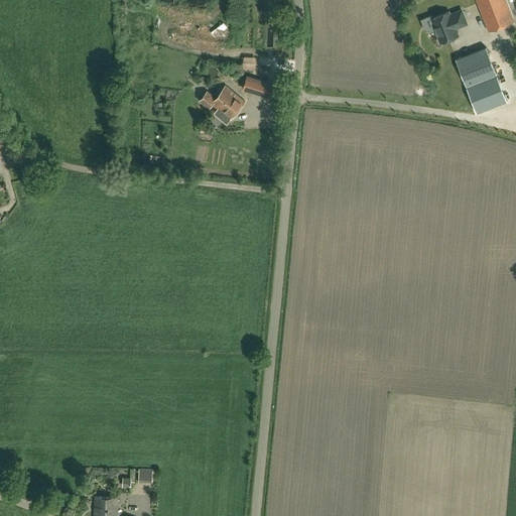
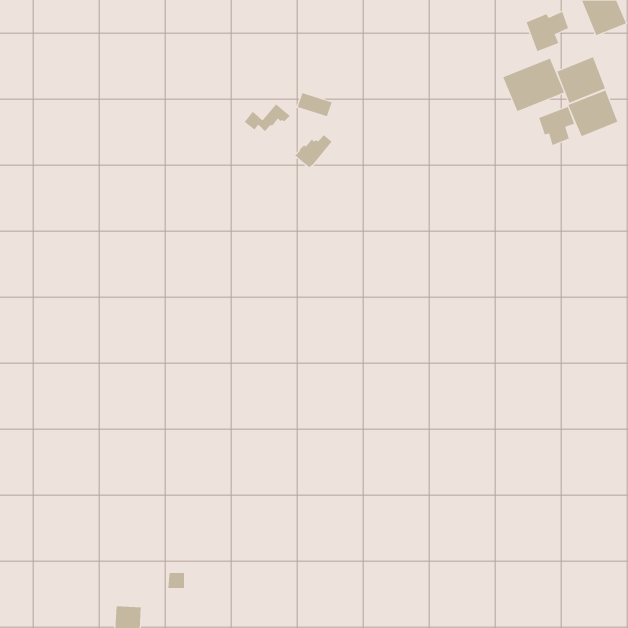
building: none -> [503,58,565,112]
building: none -> [538,106,575,146]
building: [214,96,245,123] -> [294,135,333,168]

